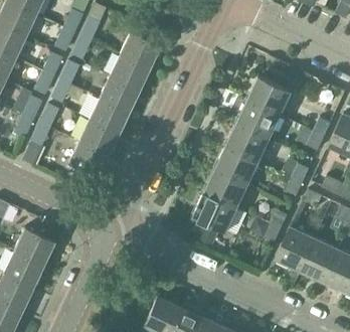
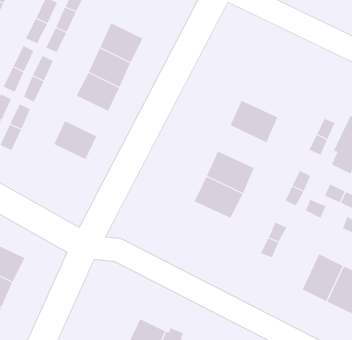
building: [246,76,292,117] -> none
building: [89,98,128,134] -> none
building: [225,124,270,162] -> none
building: [67,141,108,177] -> none
building: [193,192,237,232] -> none
building: [278,227,316,271] -> none

